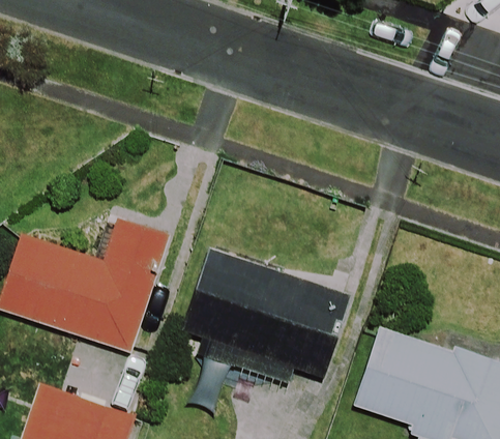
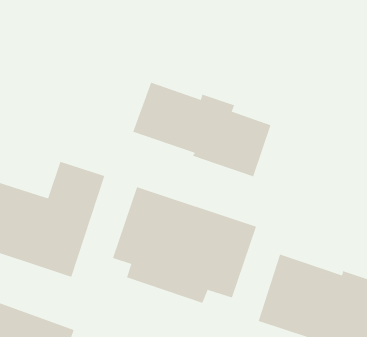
building: none -> [133,82,271,177]

